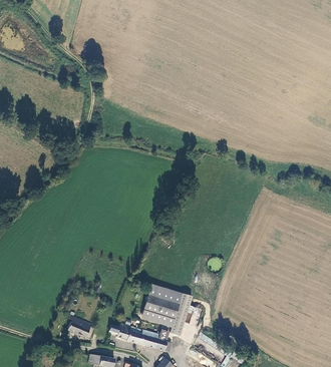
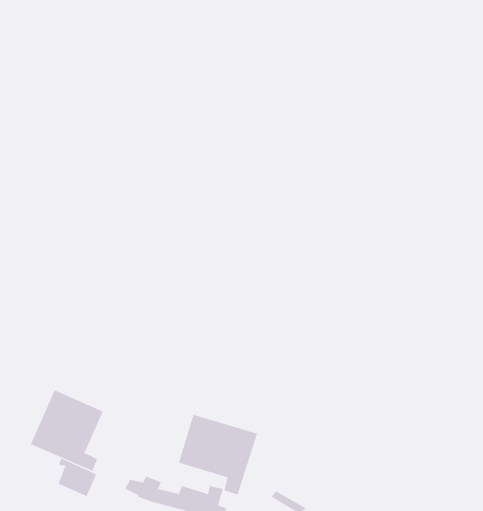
building: none -> [30,390,103,471]

